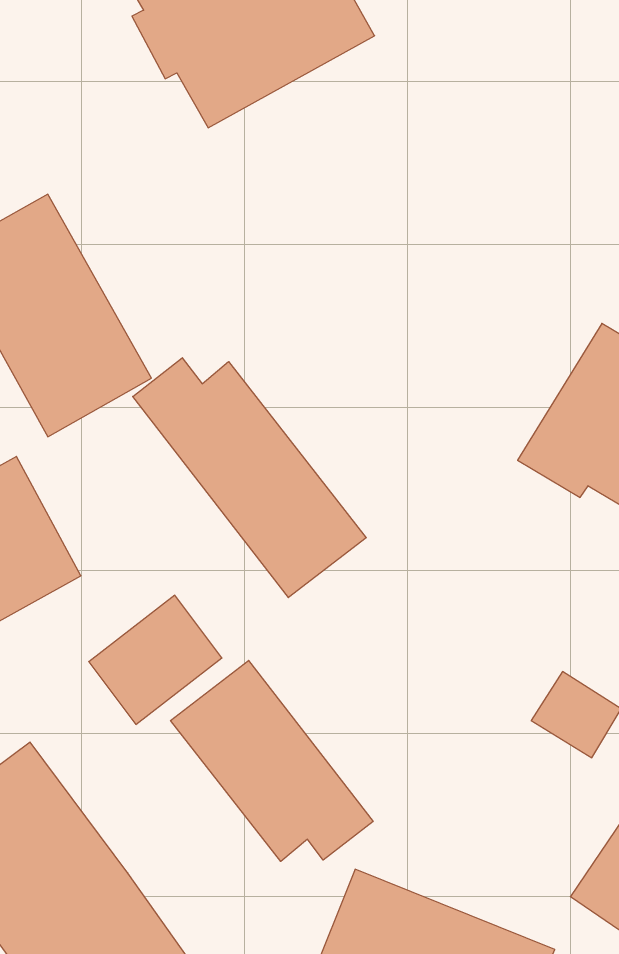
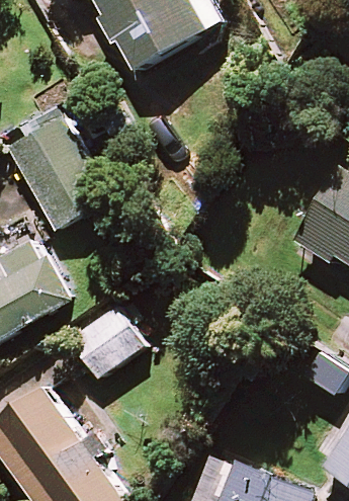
building: [133,358,366,598] -> none
building: [171,660,373,861] -> none

